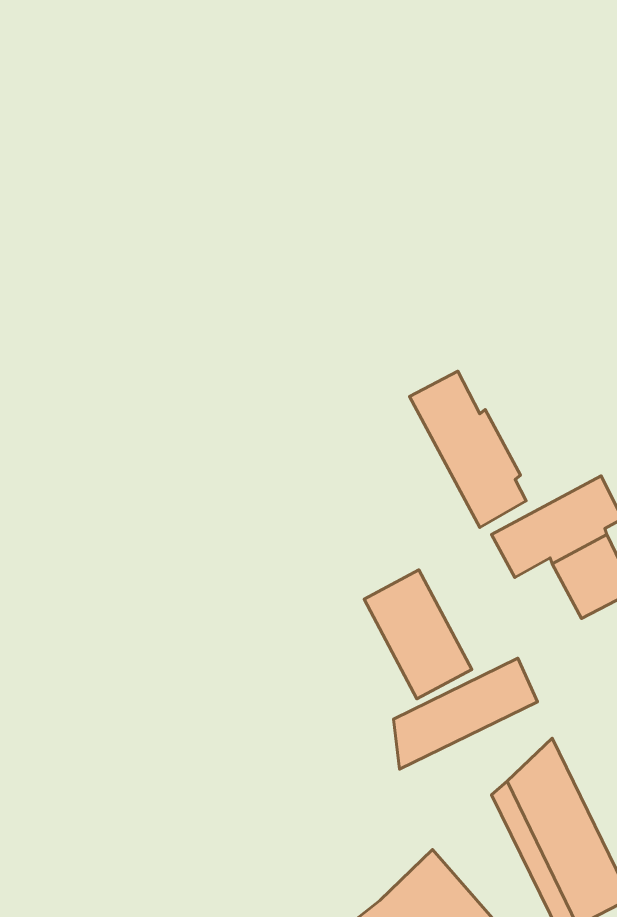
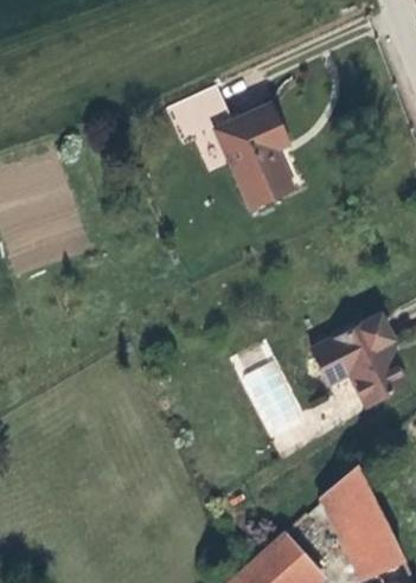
building: none -> [173,100,292,211]
building: [410,371,526,528] -> none
building: [393,658,538,769] -> none

